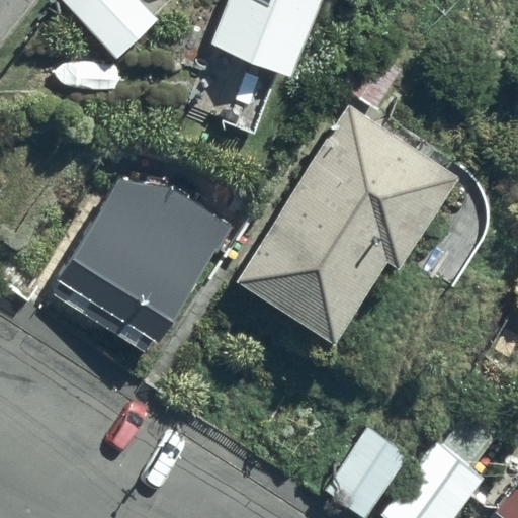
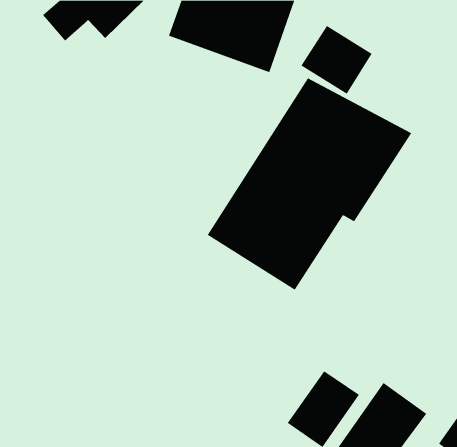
building: [56,161,232,352] -> none

